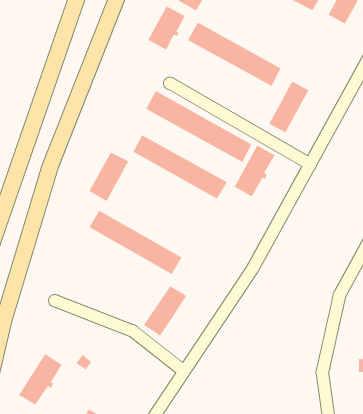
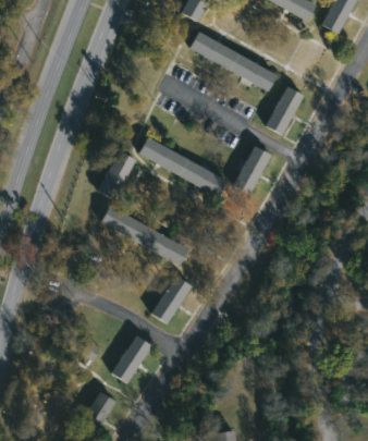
building: [148,6,185,50] -> none
building: [146,90,252,163] -> none
building: [18,353,62,405] -> [110,334,151,383]

